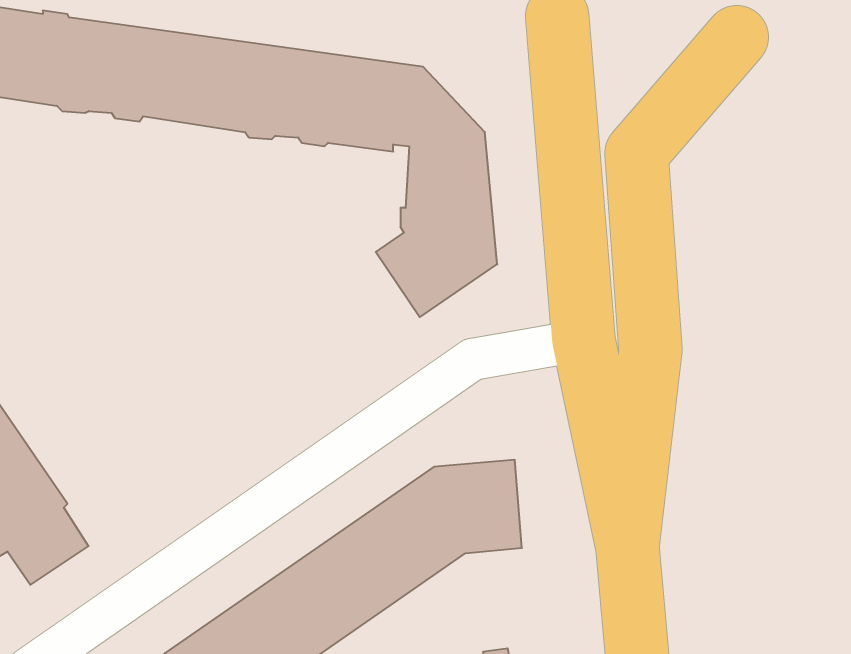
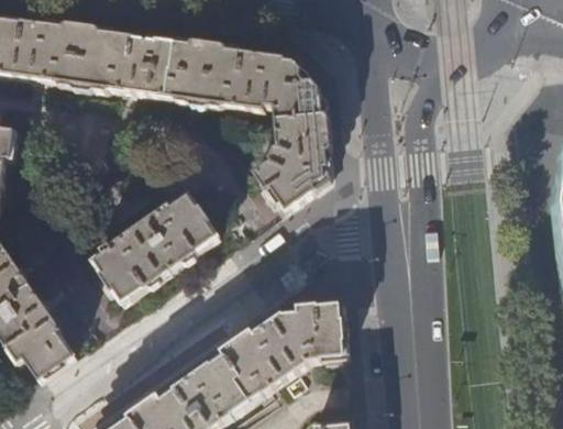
building: none -> [91,190,217,300]

